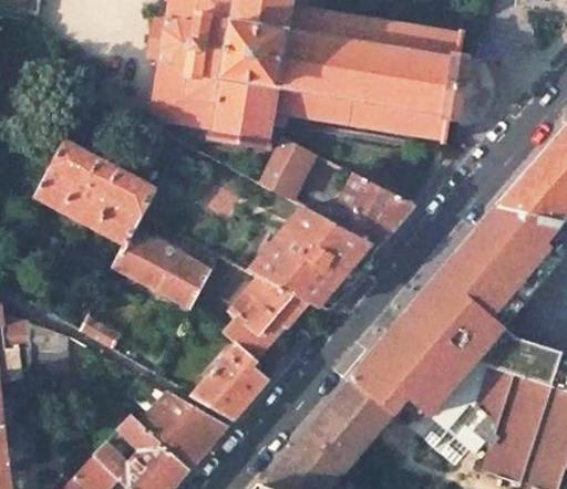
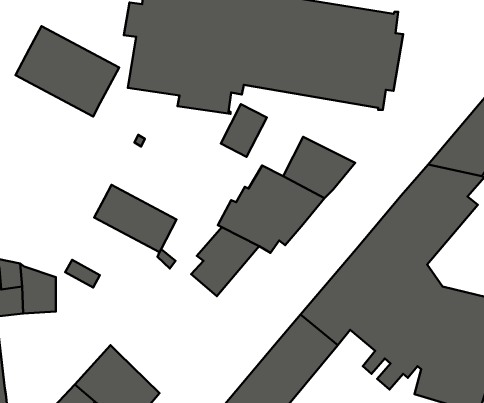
building: [34,141,154,245] -> [16,26,119,116]
building: [193,343,264,416] -> none
building: [140,393,225,469] -> none

